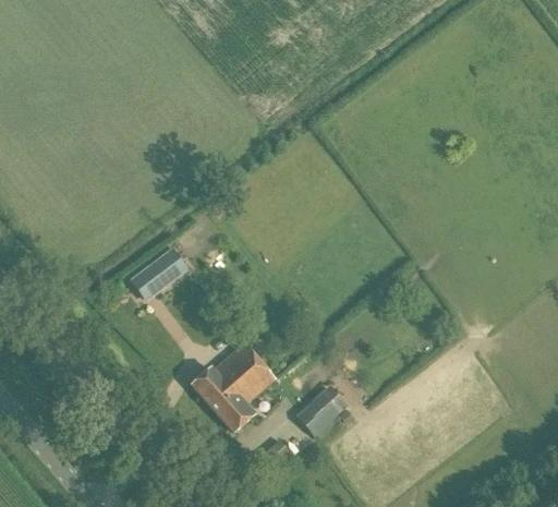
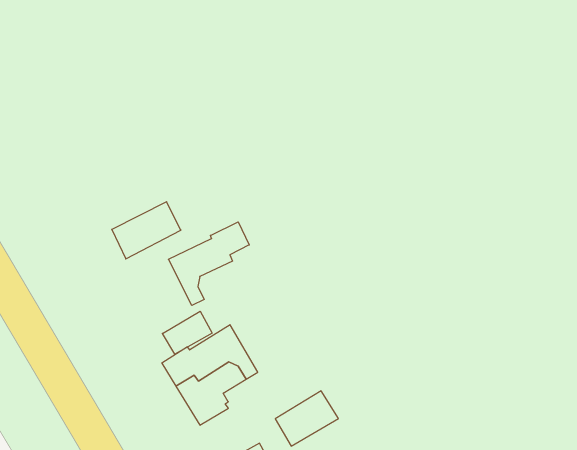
building: none -> [168,222,249,305]
building: none -> [162,311,212,354]

